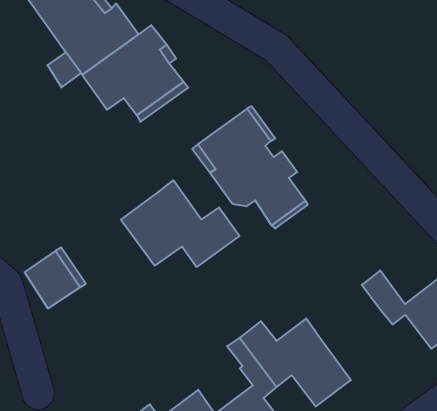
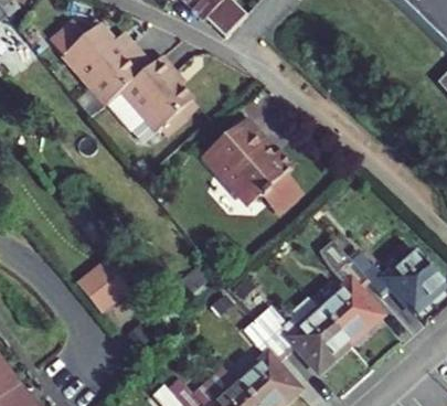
building: [121,180,239,267] -> none
building: none -> [320,241,382,342]

